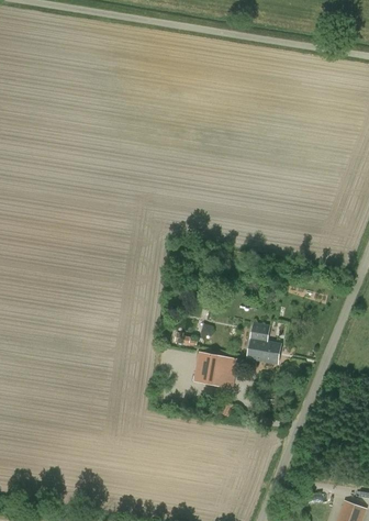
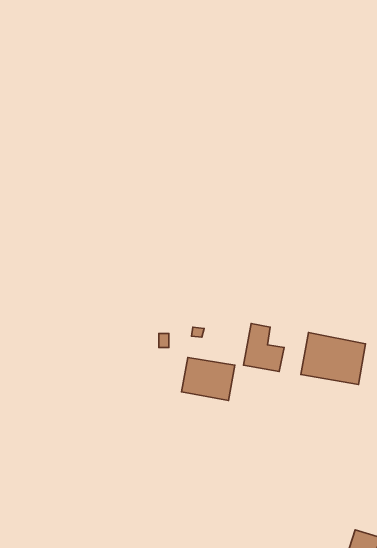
building: none -> [301,333,365,384]

